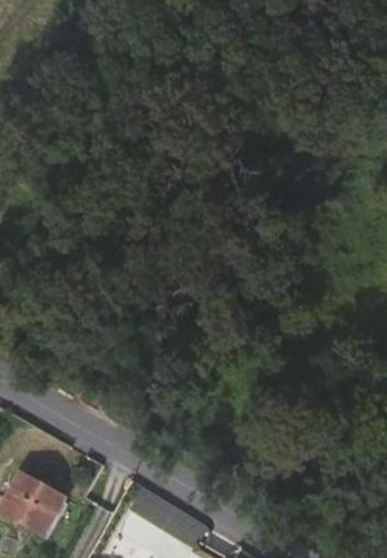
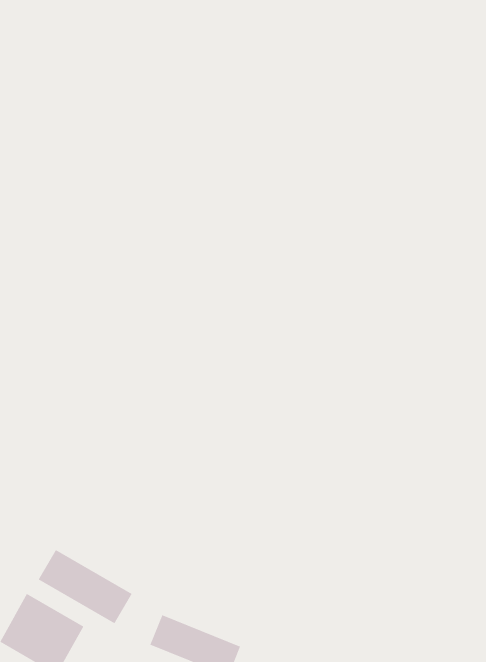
building: none -> [38,549,132,624]

